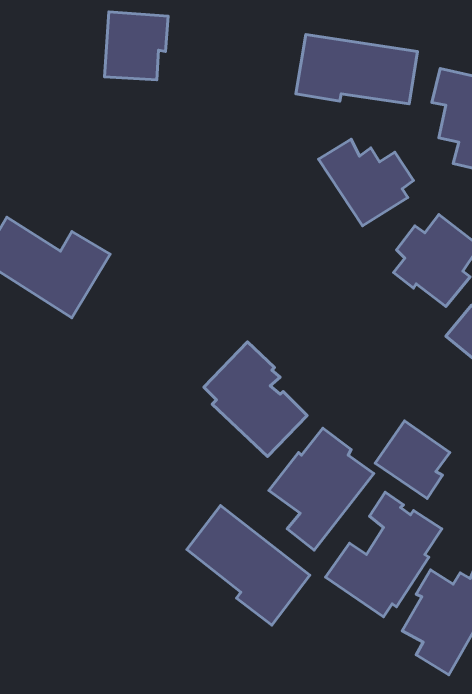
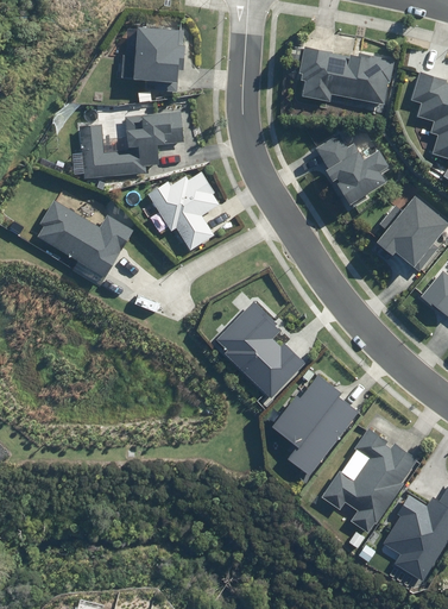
building: none -> [78,112,182,176]
building: none -> [146,171,219,250]
building: [375,421,450,498] -> none
building: [187,505,310,625] -> none

